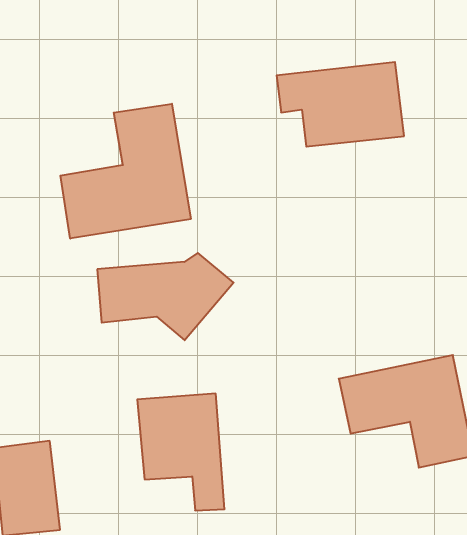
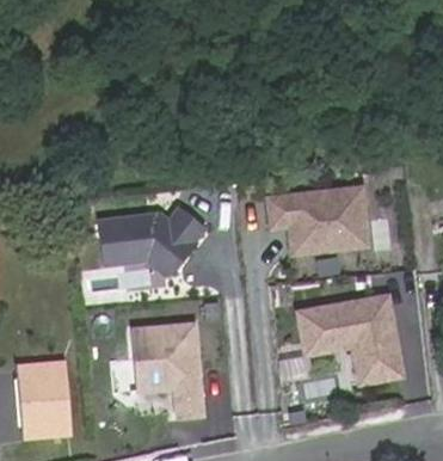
building: [277,62,404,147] -> [271,188,374,256]
building: [60,104,191,239] -> none

